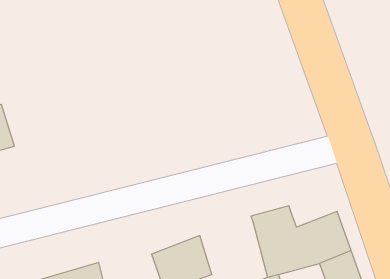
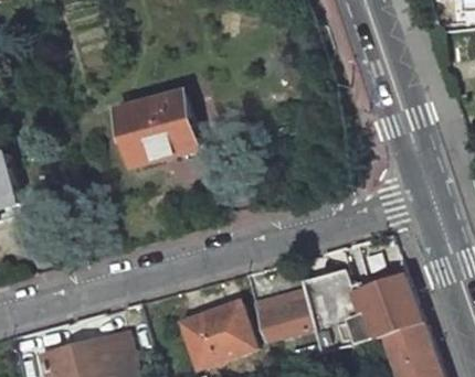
building: none -> [116,89,197,164]
building: none -> [256,289,313,340]

